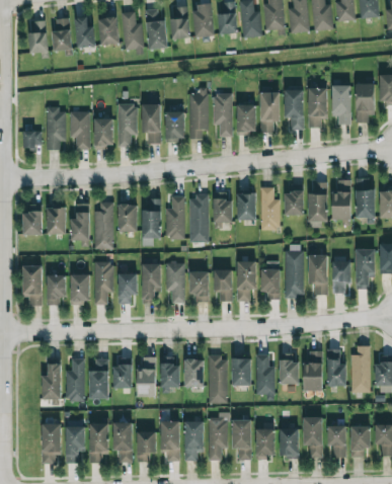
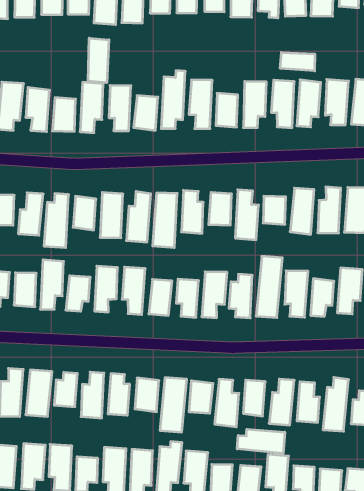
building: none -> [280,52,315,71]
building: none -> [88,38,109,83]
building: none -> [237,429,285,453]

